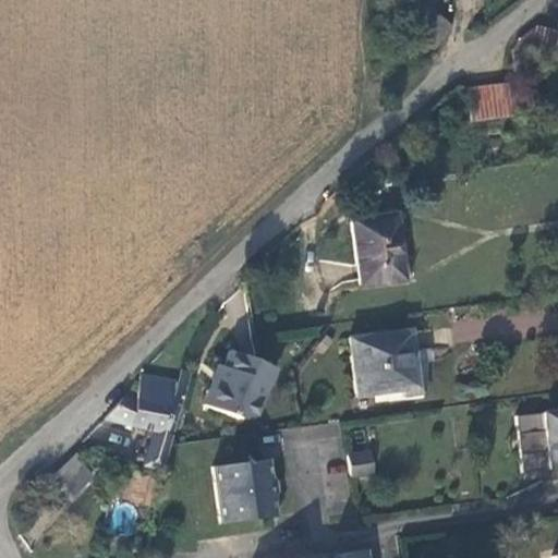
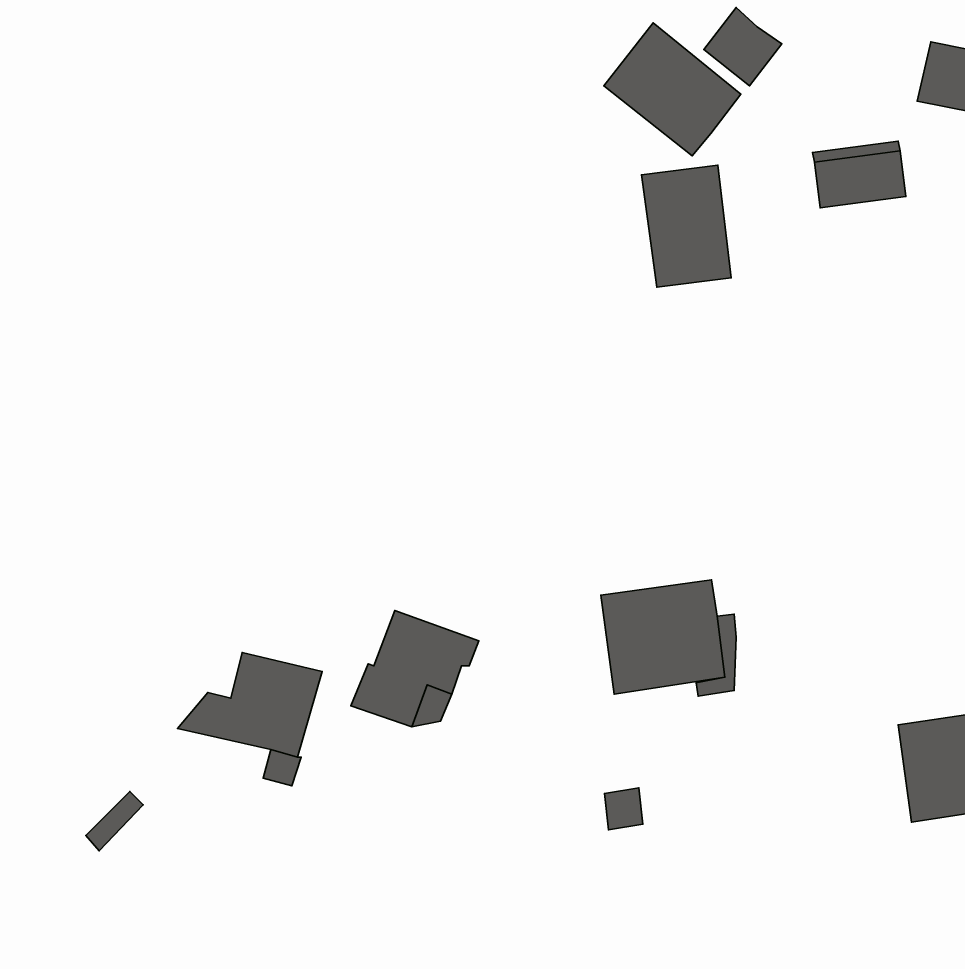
building: none -> [604,23,741,156]
building: [353,214,404,283] -> [642,165,731,287]
building: [216,459,279,521] -> none

